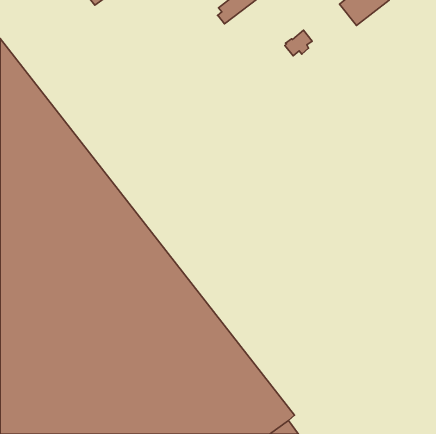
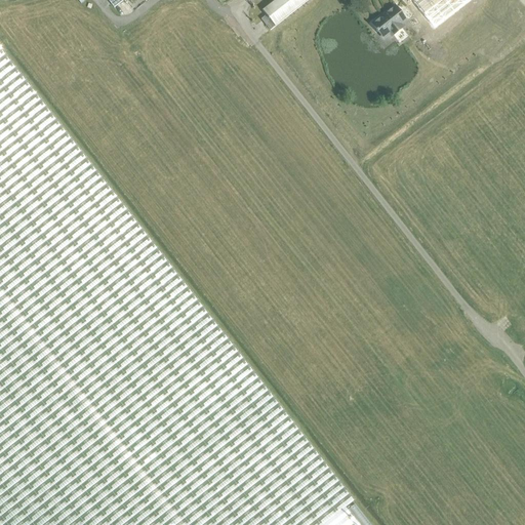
building: [285,30,312,56] -> [372,5,405,36]

